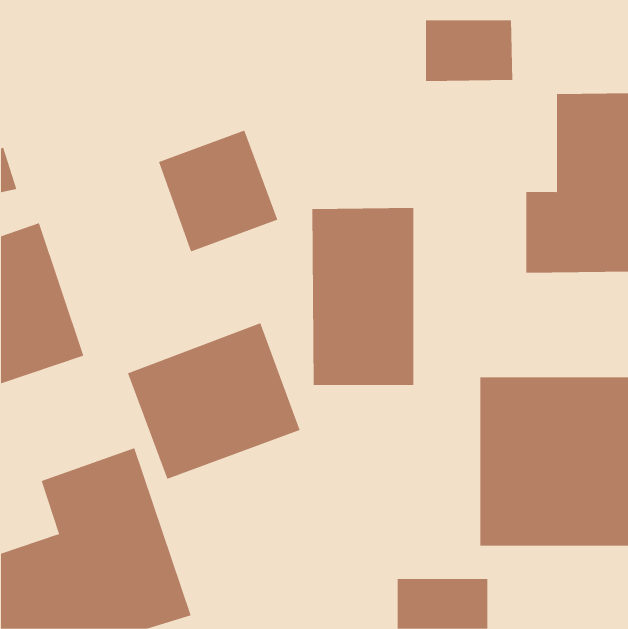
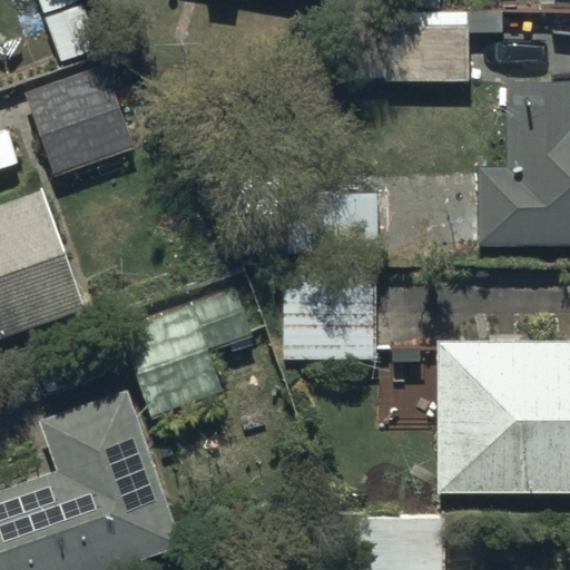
building: [158,130,278,252] -> [27,62,135,173]

